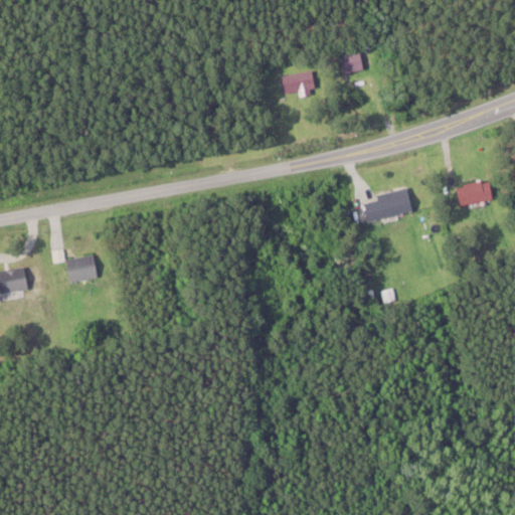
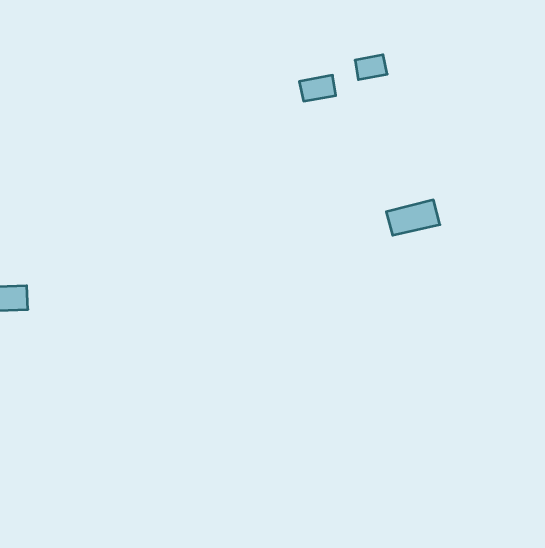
building: [455,180,492,205] -> none
building: [65,254,97,282] -> none

